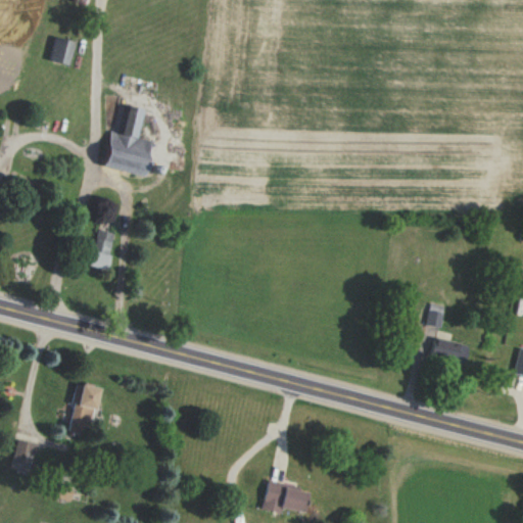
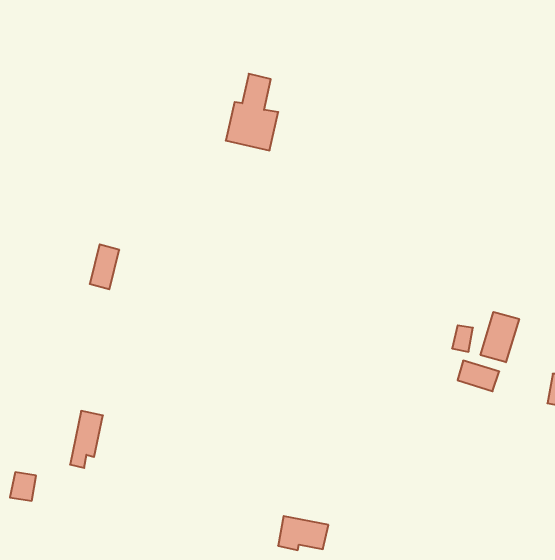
building: [51,37,75,65] -> none
building: [104,104,153,176] -> [226,74,278,150]
building: none -> [481,312,519,362]

